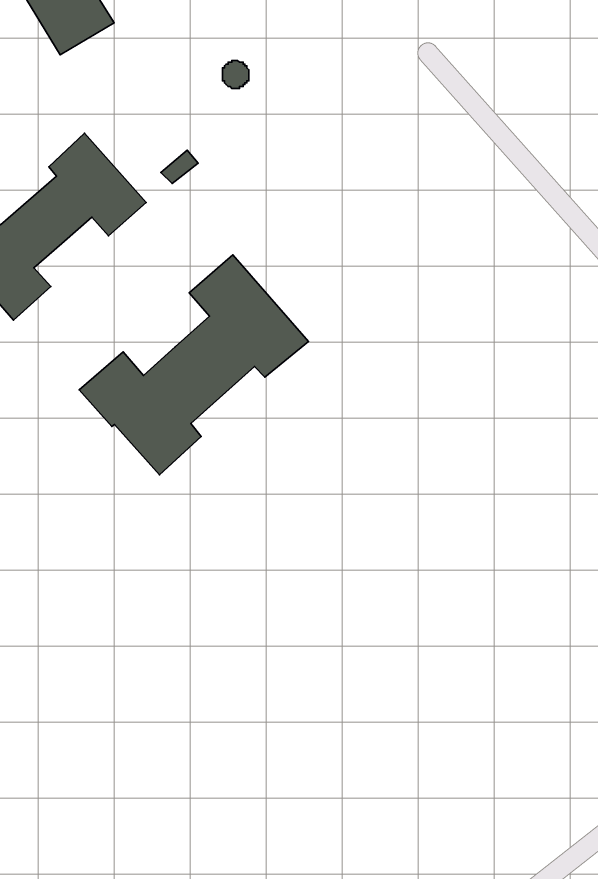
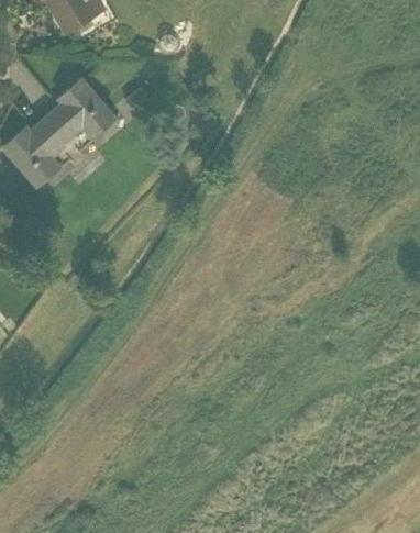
building: [79,255,308,475] -> none

